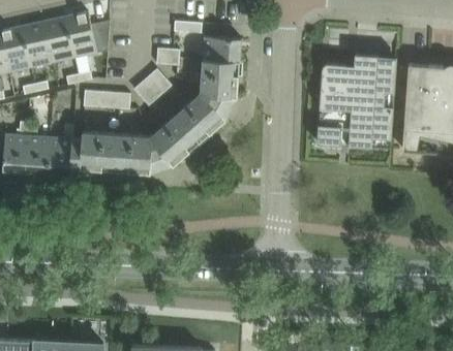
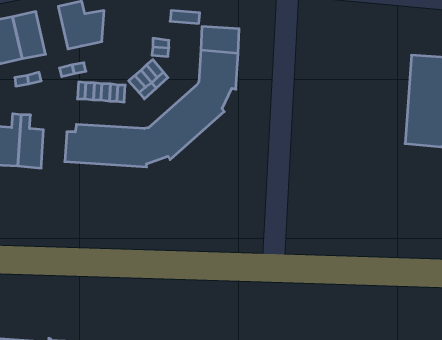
building: [42,17,73,63] -> none
building: [316,54,396,149] -> none
building: [48,124,73,174] -> none

